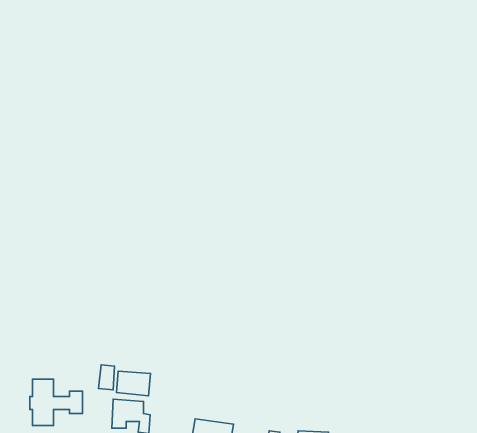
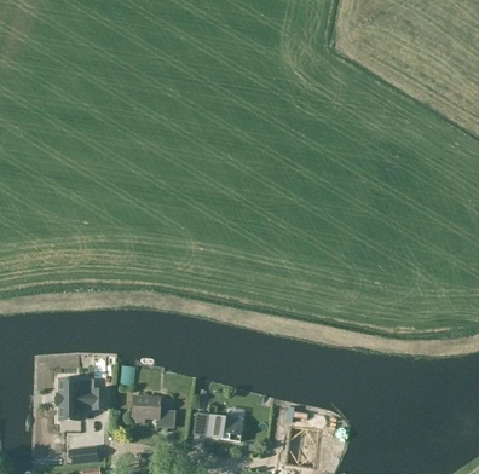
building: [116,371,150,396] -> none

